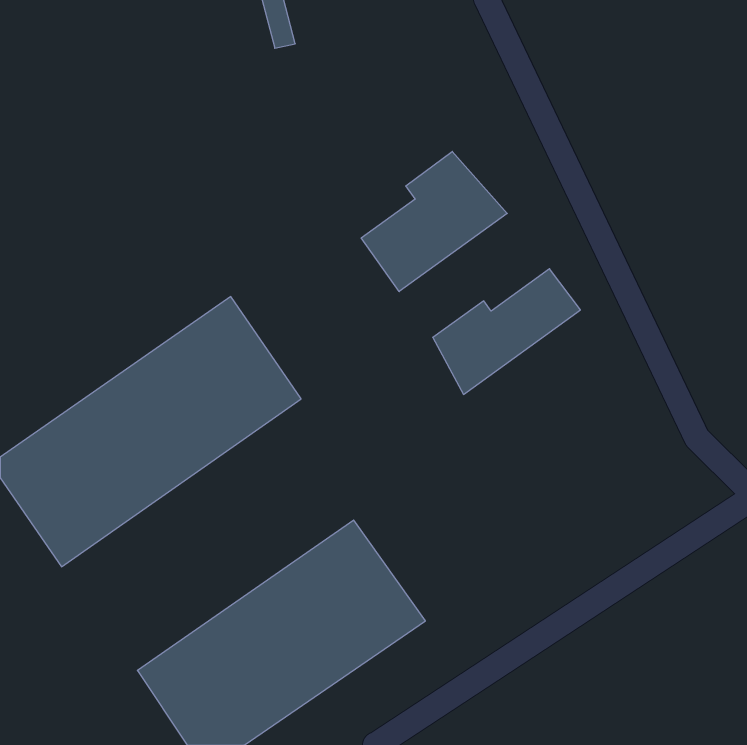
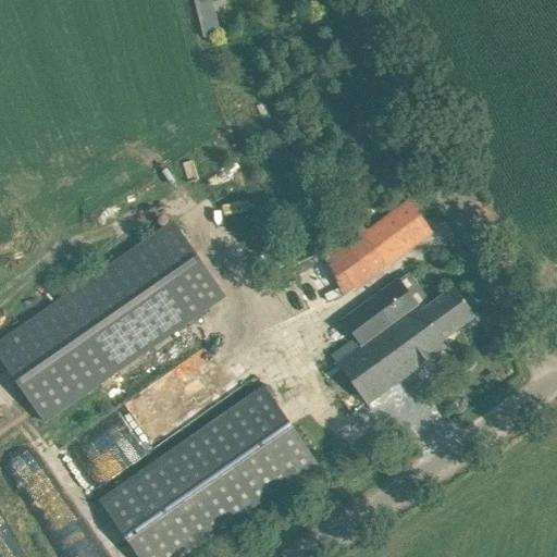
building: [361,151,507,292] -> none
building: none -> [331,278,475,403]

